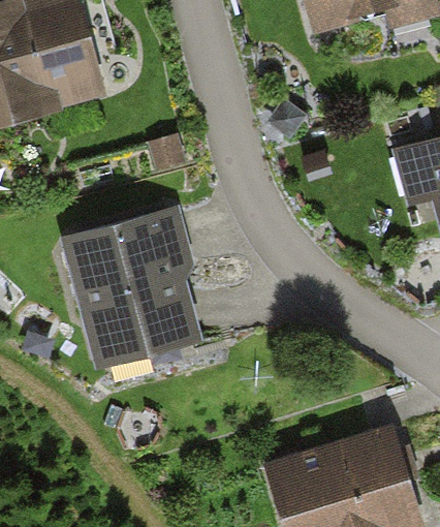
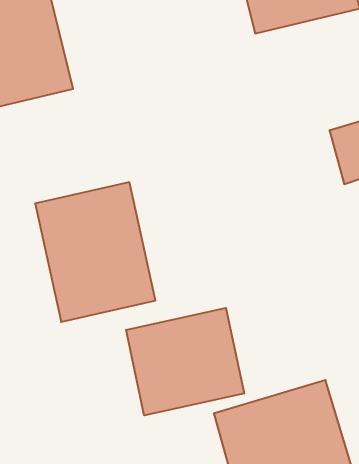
building: none -> [126,308,244,415]

